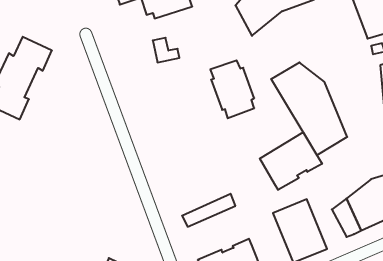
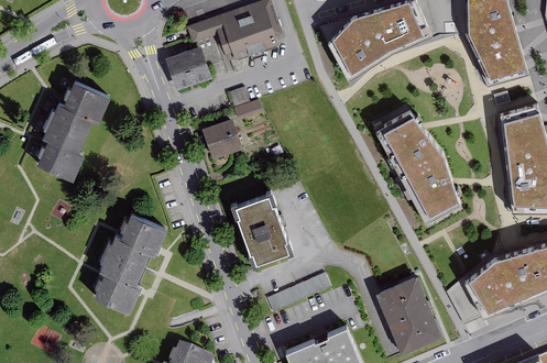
building: none -> [165,48,210,91]
building: [210,60,254,118] -> [236,196,288,265]
building: none -> [201,119,242,160]
building: [260,132,322,190] -> none
building: none -> [94,216,164,311]

